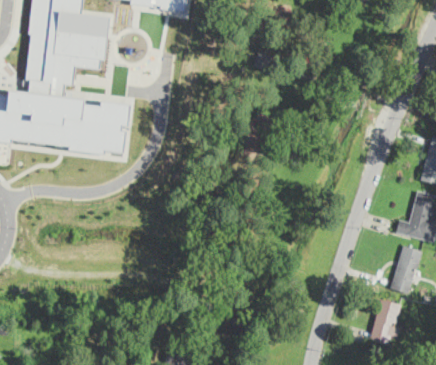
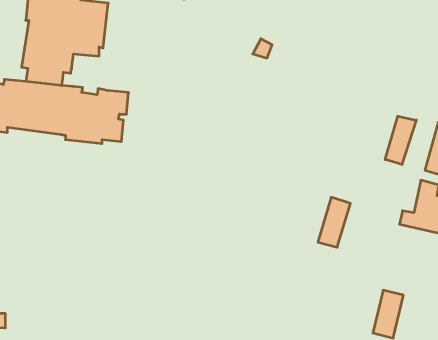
building: none -> [385,116,416,165]
building: [390,244,422,293] -> [318,197,350,247]

